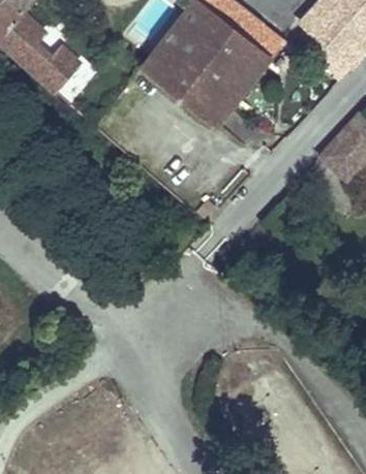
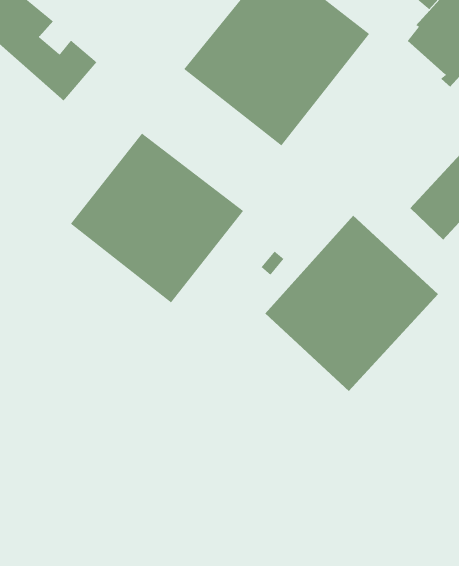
building: none -> [70,133,244,304]
building: none -> [265,215,439,392]

